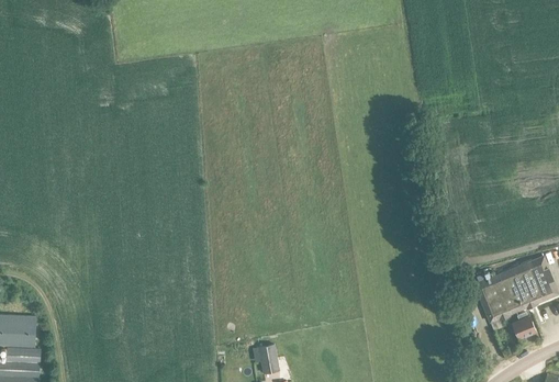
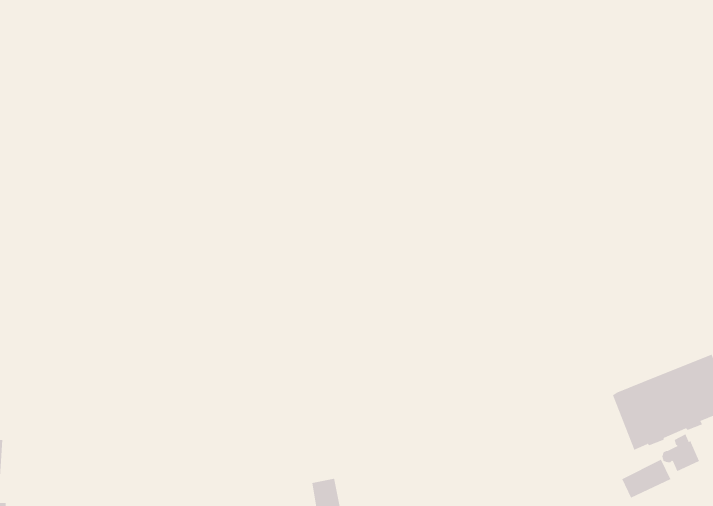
building: none -> [622,459,671,498]

